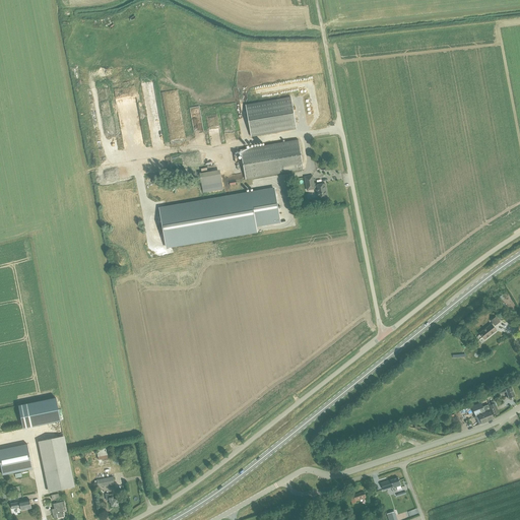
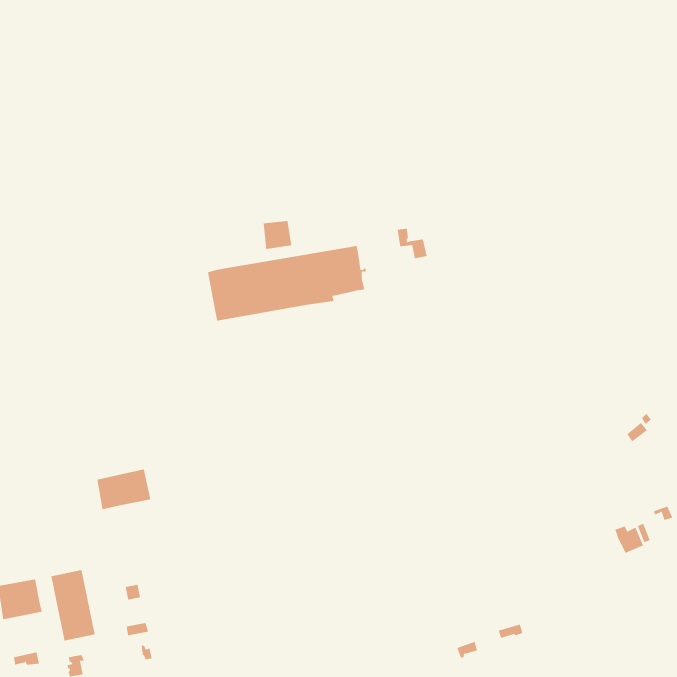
building: [245,96,296,136] -> none
building: [240,139,303,178] -> none
building: [18,397,60,429] -> [97,469,151,510]

